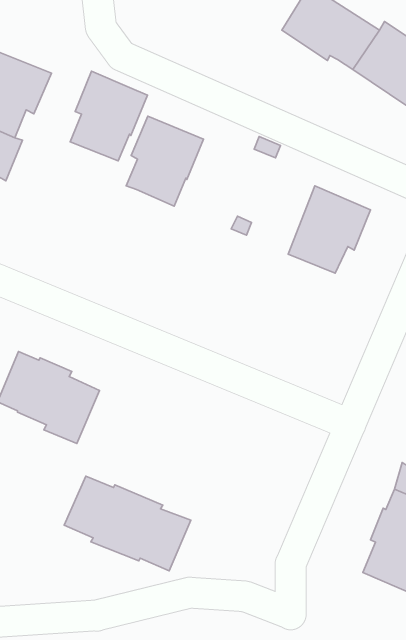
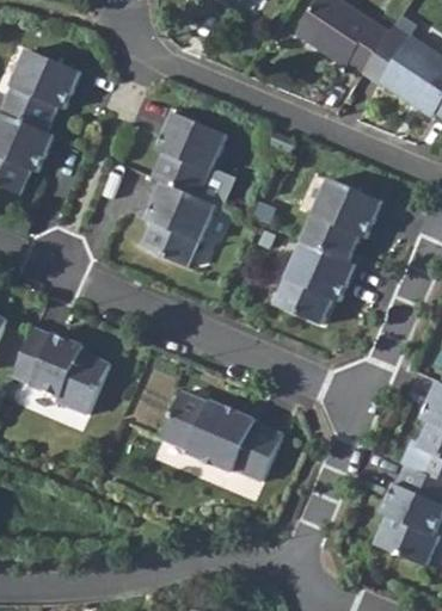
building: [70,71,147,161] -> [139,181,211,266]
building: none -> [275,242,354,325]
building: [64,476,191,571] -> [161,391,281,481]

